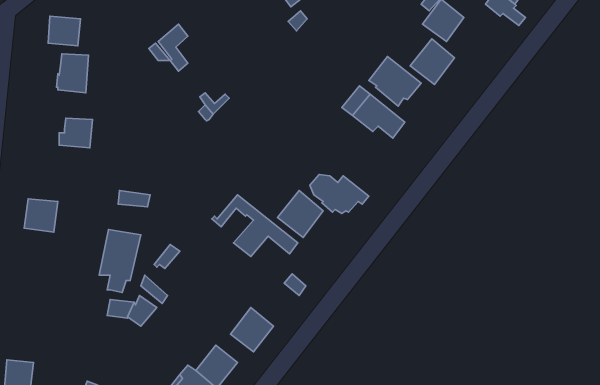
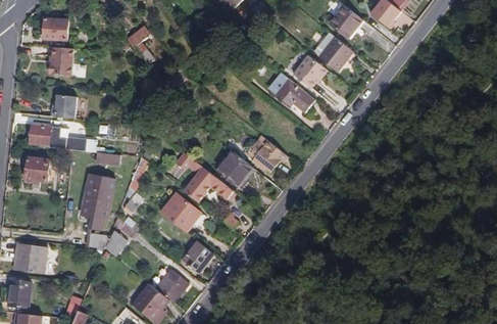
building: none -> [29,124,86,150]
building: none -> [160,193,199,231]
building: none -> [18,245,46,275]

